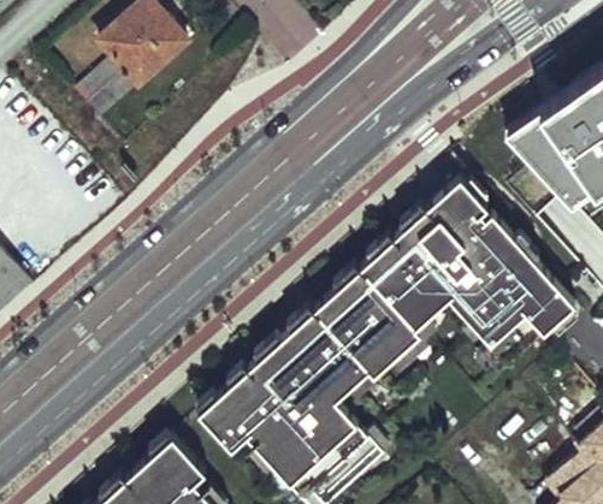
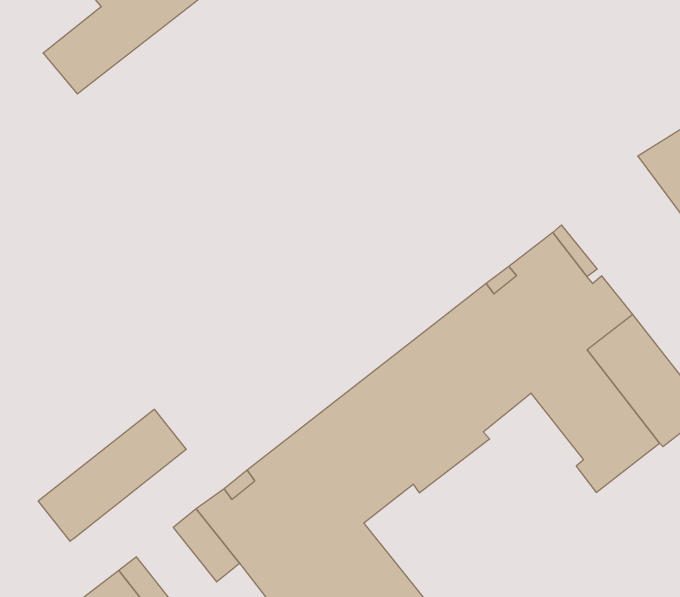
building: none -> [38,409,186,541]

